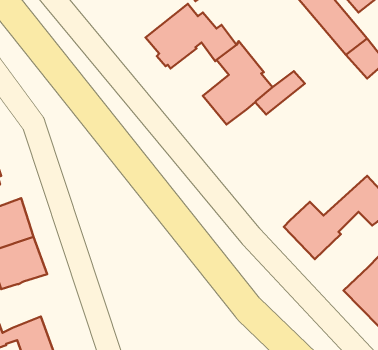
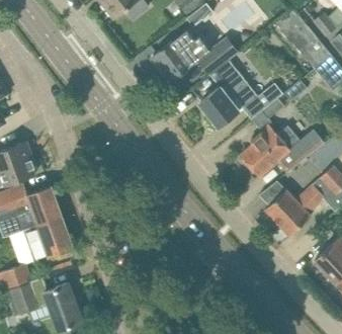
building: none -> [240,124,324,176]

